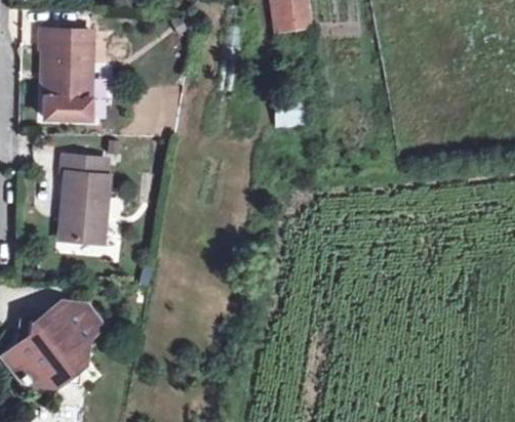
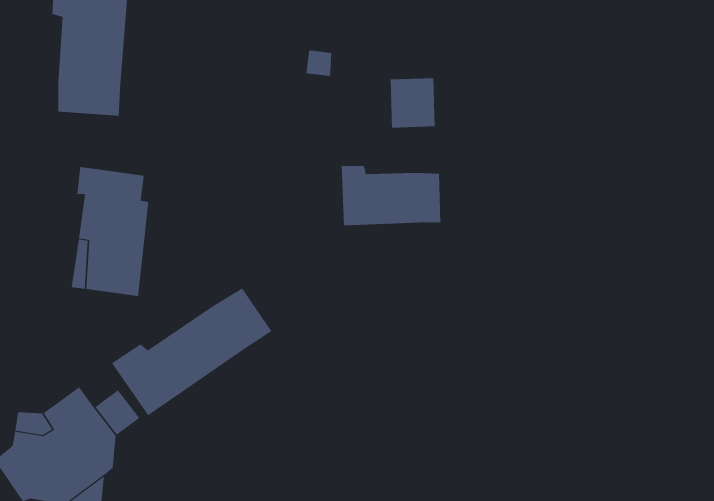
building: none -> [341,165,441,226]
building: none -> [111,288,272,416]

